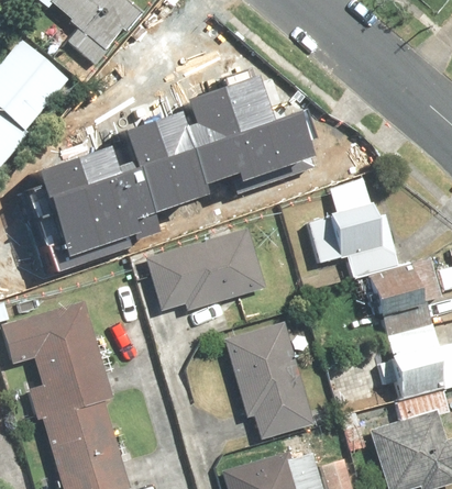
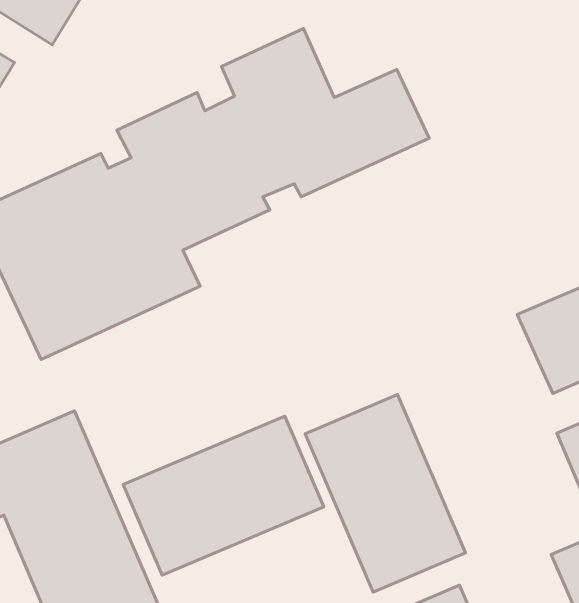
building: [304,198,398,278] -> none
building: [137,226,262,315] -> [123,416,324,575]

